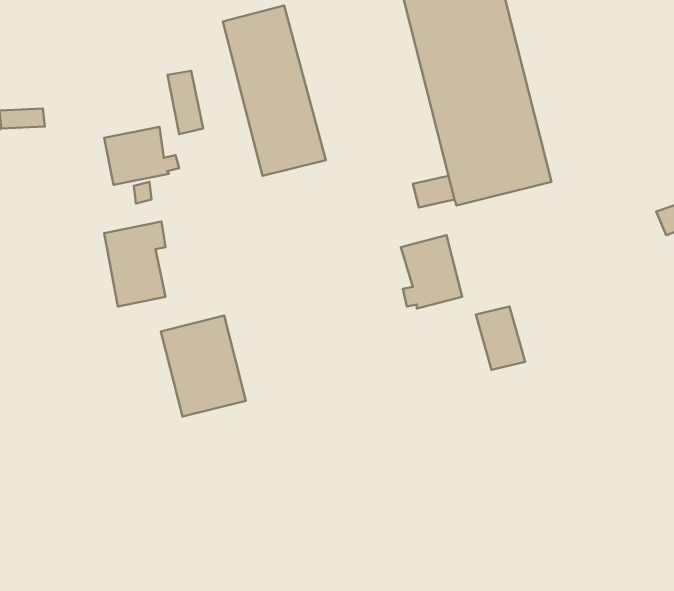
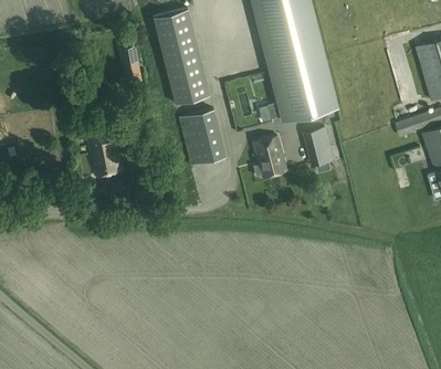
building: [104,127,179,185] -> none
building: [476,307,525,370] -> [307,130,335,166]
building: [161,316,246,417] -> [179,110,227,167]

